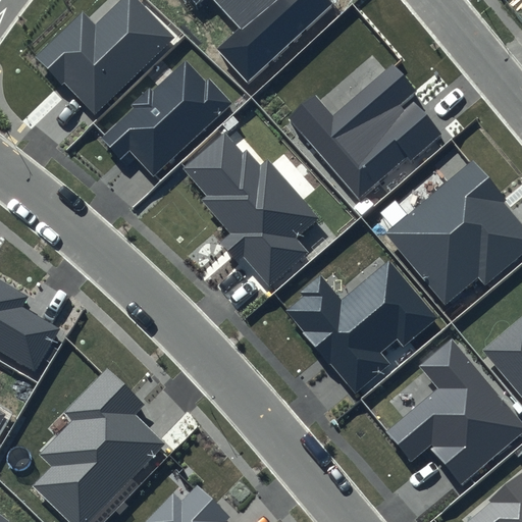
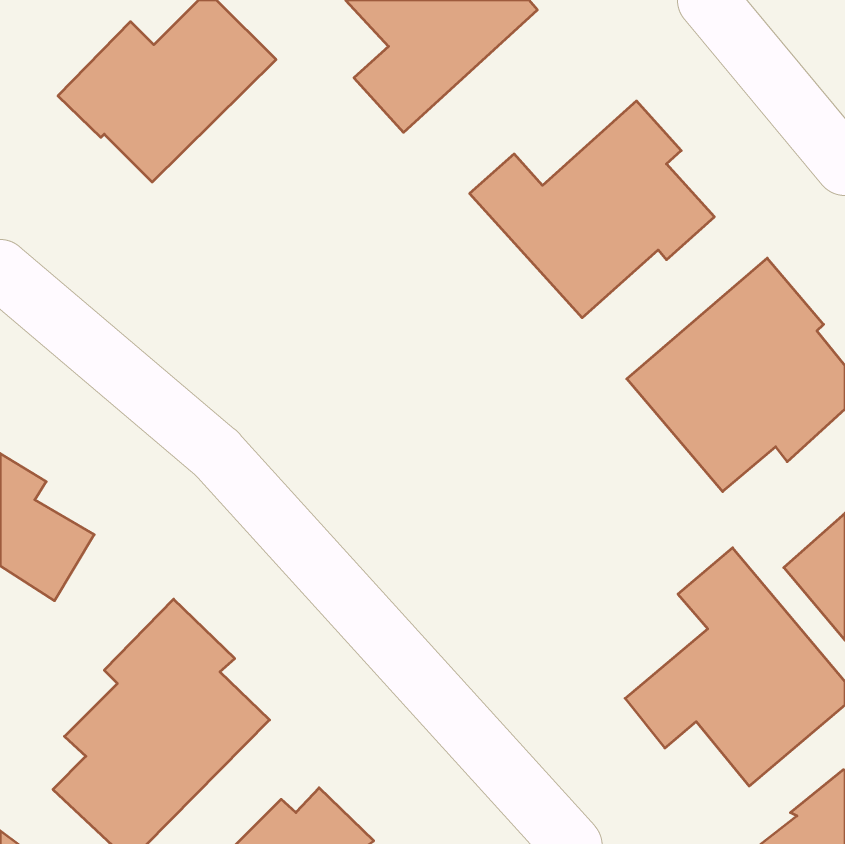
building: [100,61,231,177] -> none
building: [182,134,319,288] -> none
building: [285,262,437,394] -> none

